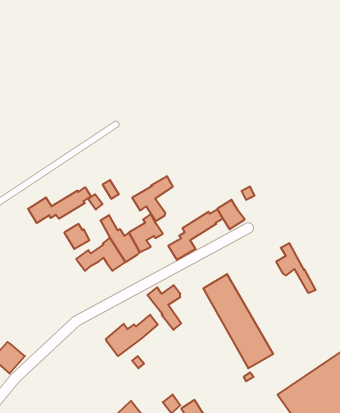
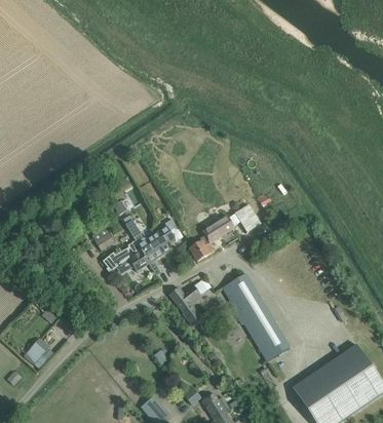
building: [132,176,173,221] -> none
building: [28,187,91,223] -> none
building: [276,243,316,293] -> none
building: [106,315,158,356] -> none

